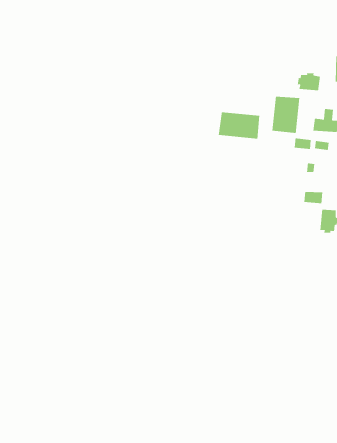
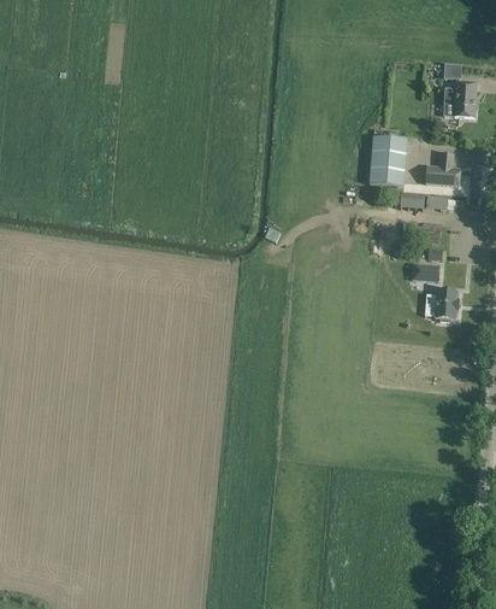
building: [297,72,320,91] -> none
building: [218,111,260,139] -> none

